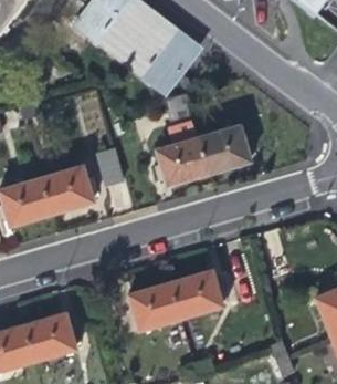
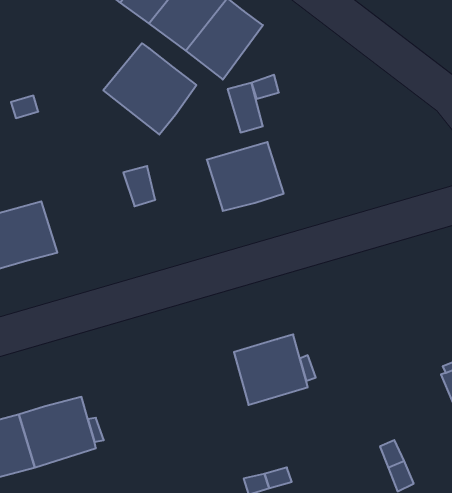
building: none -> [103,43,196,135]
building: [196,124,249,172] -> none
building: [40,165,93,212] -> none
building: [129,281,182,330] -> none

